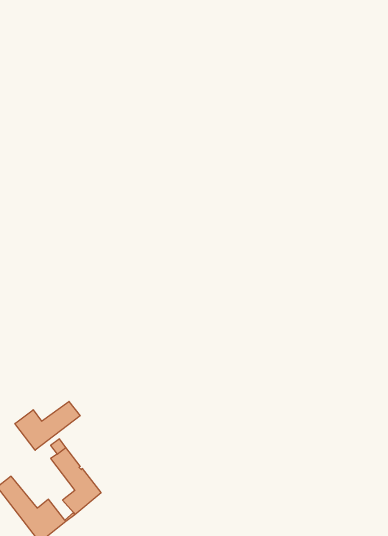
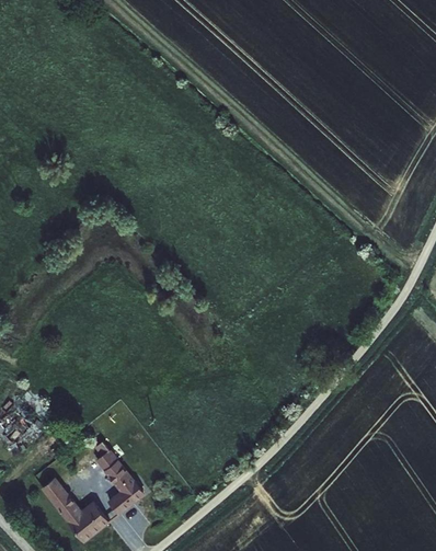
building: [15,401,80,450] -> none

